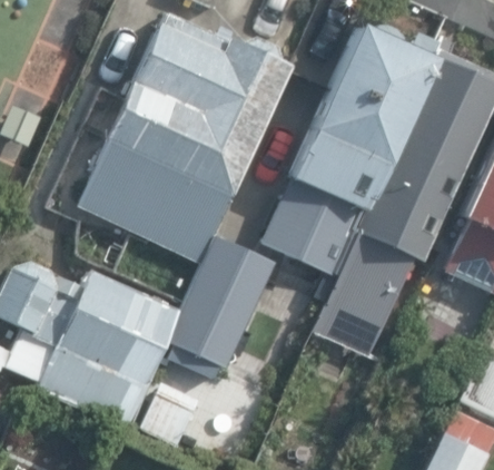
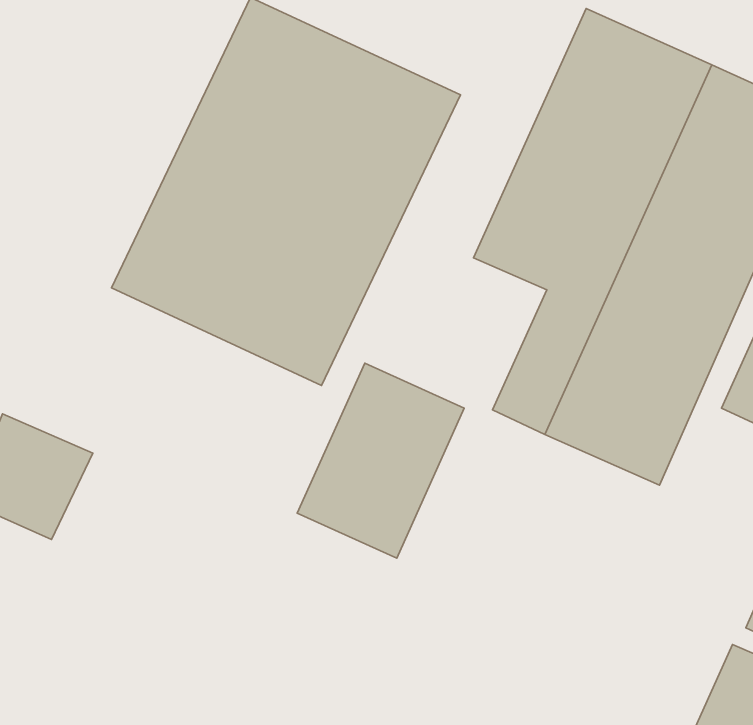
building: [32,262,189,433] -> none

